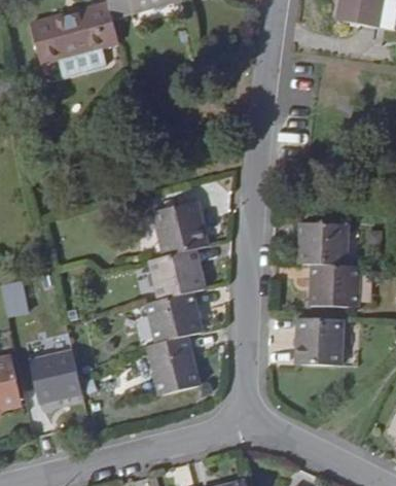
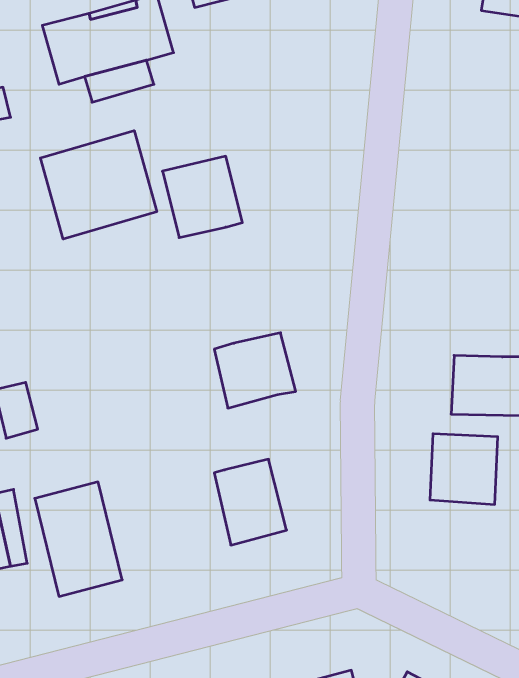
building: none -> [40,131,157,239]
building: [151,198,206,253] -> [162,156,242,238]
building: [299,218,347,263] -> none
building: [147,288,203,340] -> none

